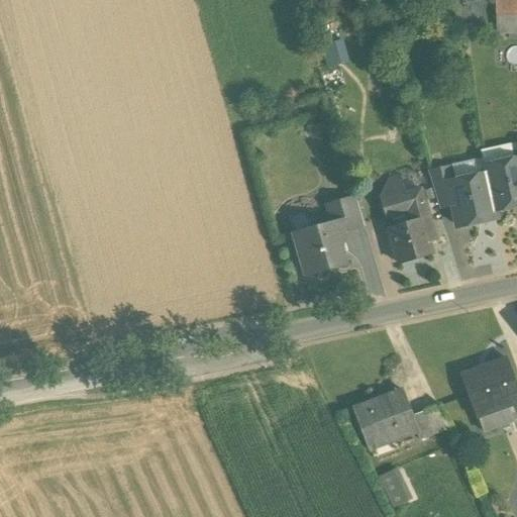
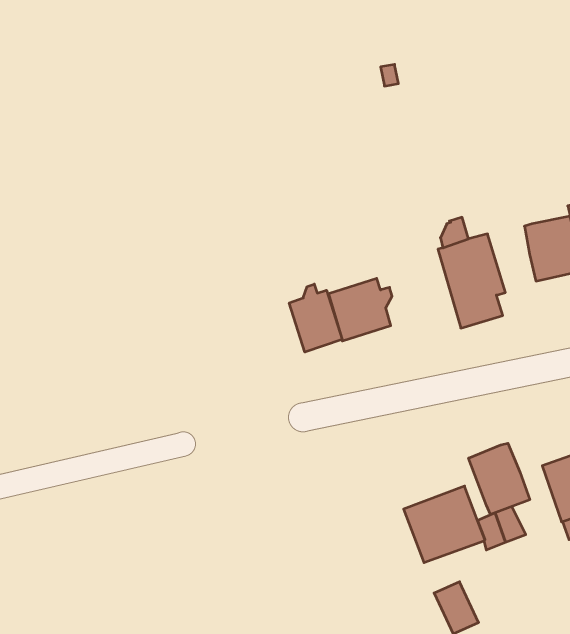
building: [429,167,455,208] -> none
building: [327,198,365,232] -> none
building: none -> [289,284,342,352]
building: none -> [469,443,530,514]

